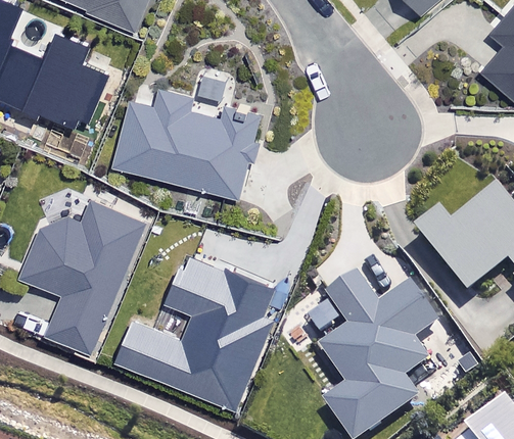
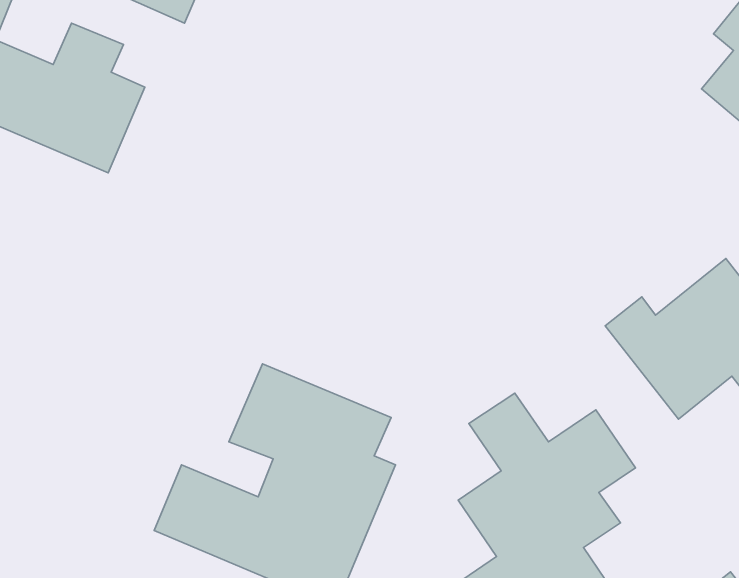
building: [115,84,260,195] -> none
building: [22,196,145,346] -> none

